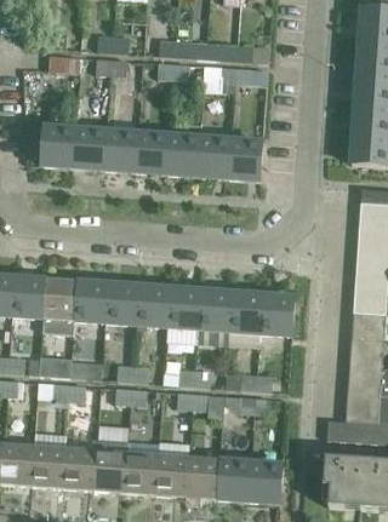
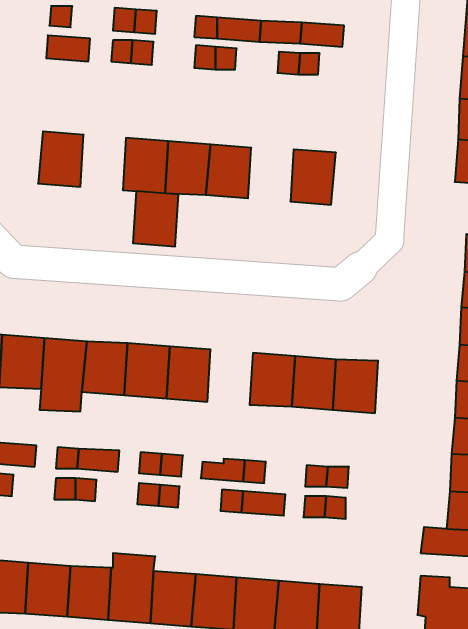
building: [72,128,105,170] -> [133,191,179,246]
building: [196,138,230,178] -> none
building: [166,288,200,329] -> none

